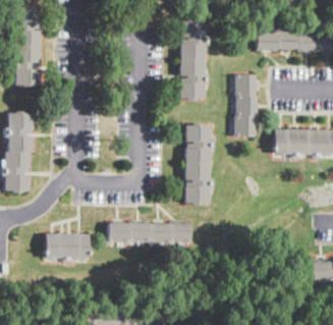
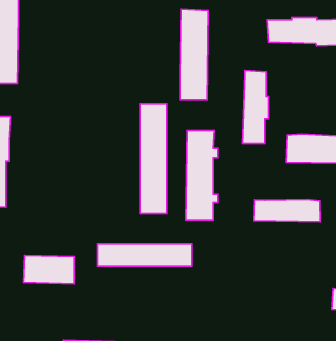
building: none -> [140,104,167,213]
building: none -> [254,200,320,222]

